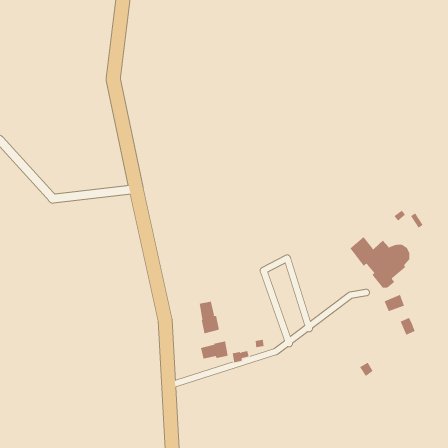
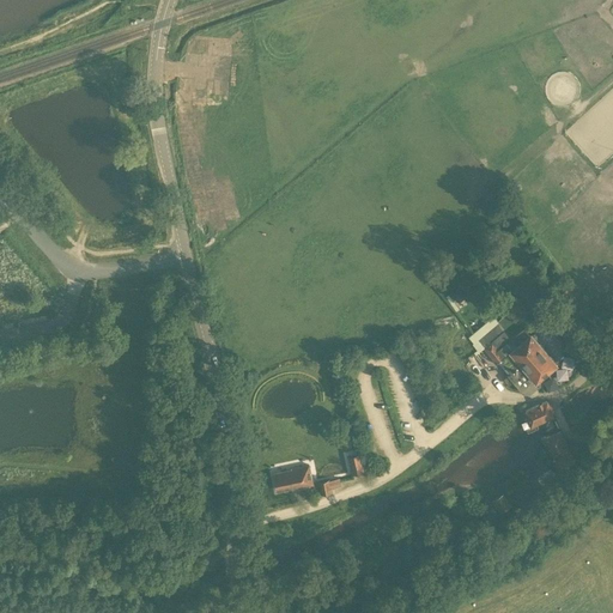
building: [199,301,220,334] -> none

